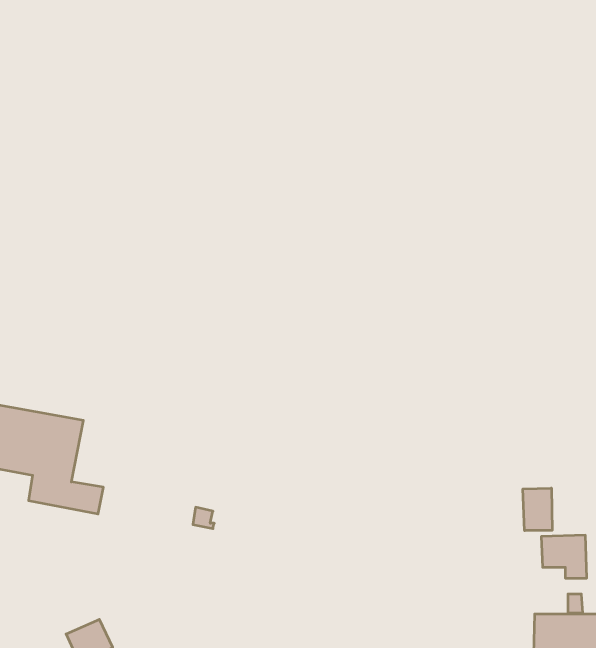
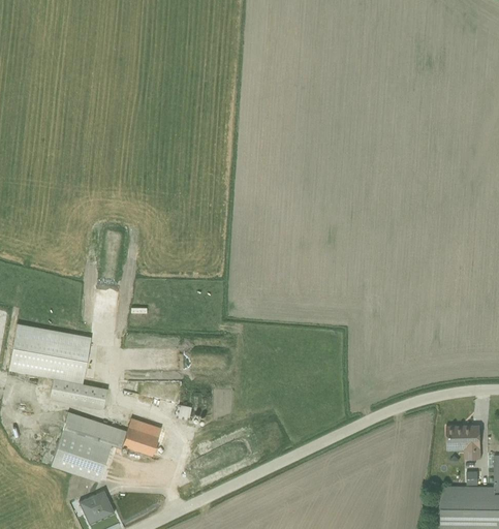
building: [523,488,552,531] -> none
building: none -> [51,411,161,481]

